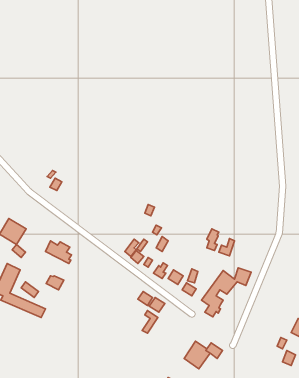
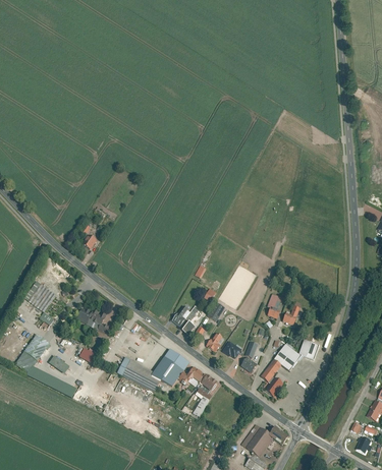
building: none -> [117,348,189,391]

